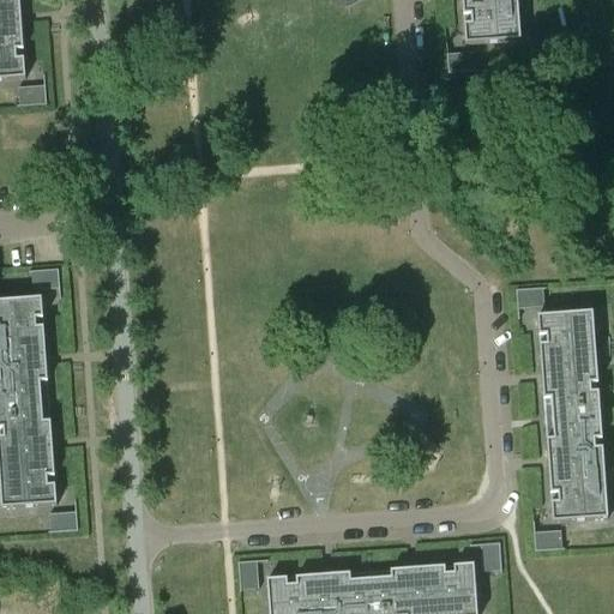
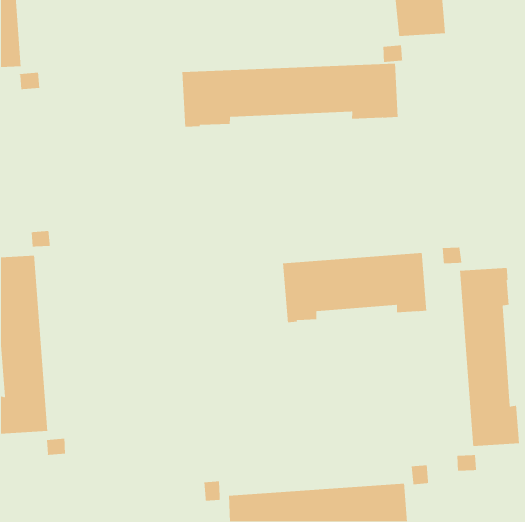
building: none -> [182,63,399,127]
building: none -> [282,252,427,323]

